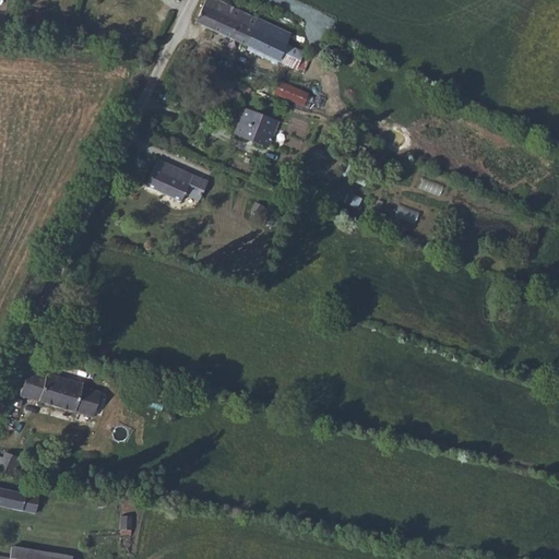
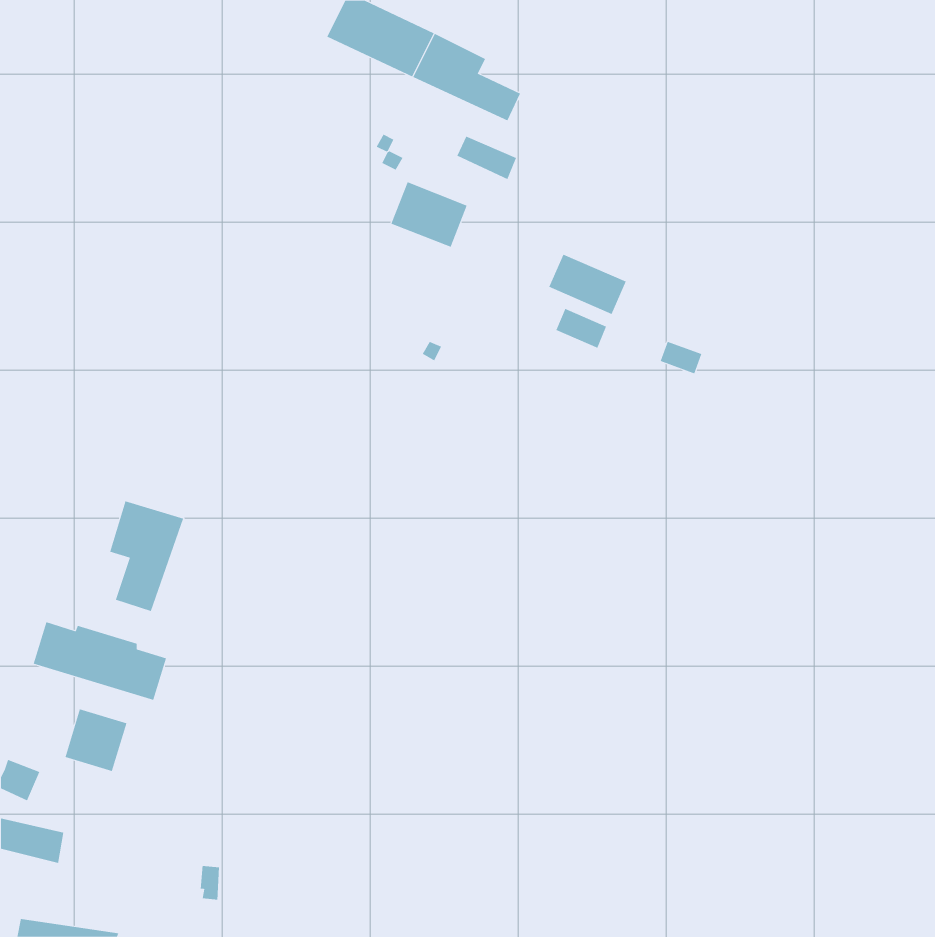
building: none -> [549,254,626,315]
building: [146,158,209,202] -> none
building: none -> [109,500,184,612]
building: none -> [65,708,127,772]

